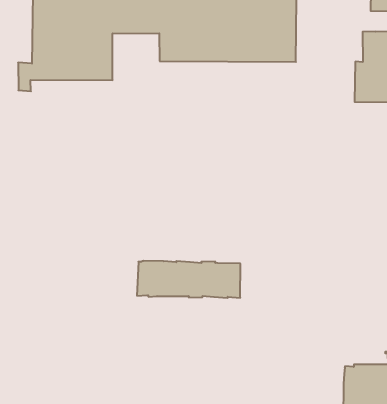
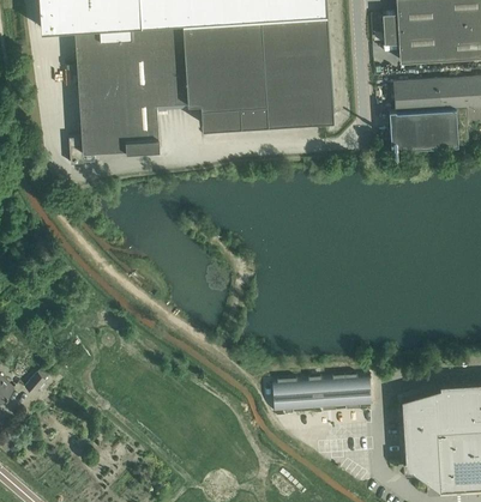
building: [137,261,240,298] -> [272,374,372,412]

